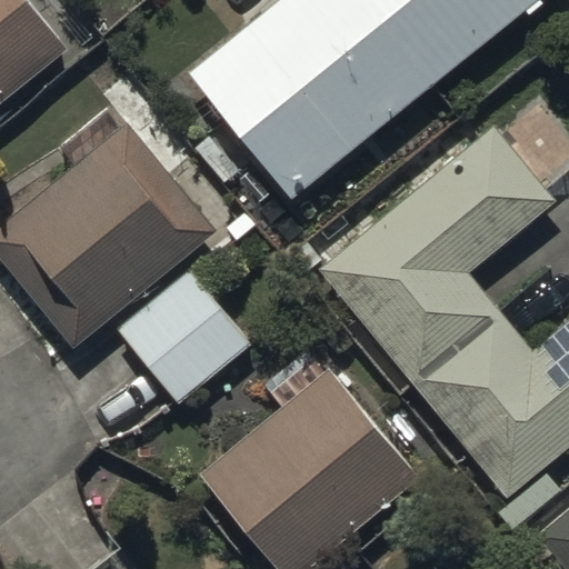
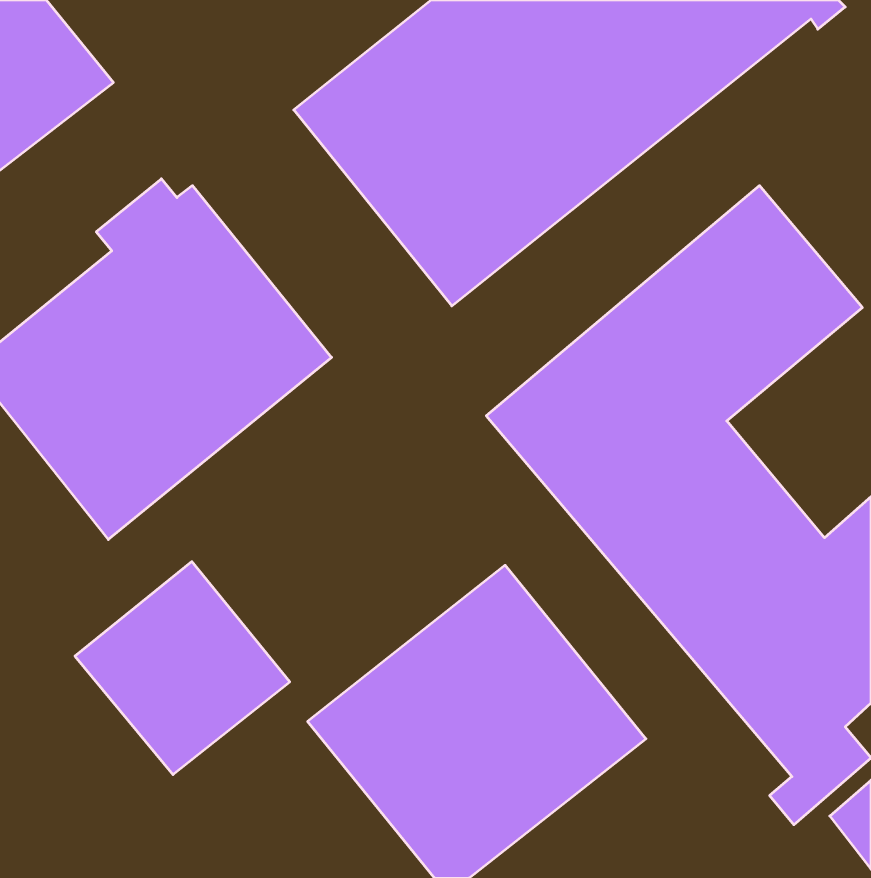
building: [117,264,256,402] -> [75,562,290,775]

